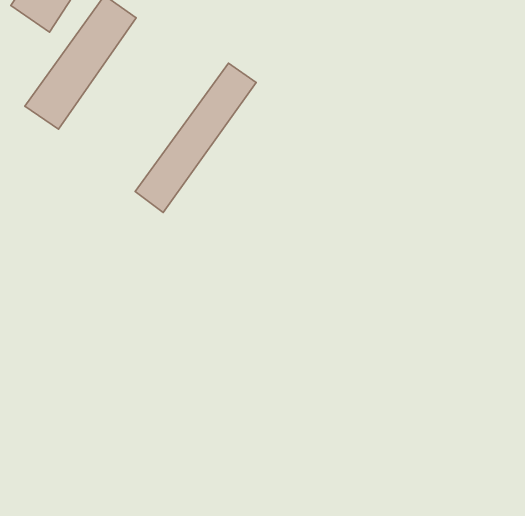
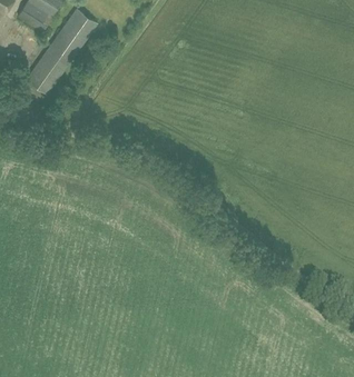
building: [135,63,256,213] -> none

